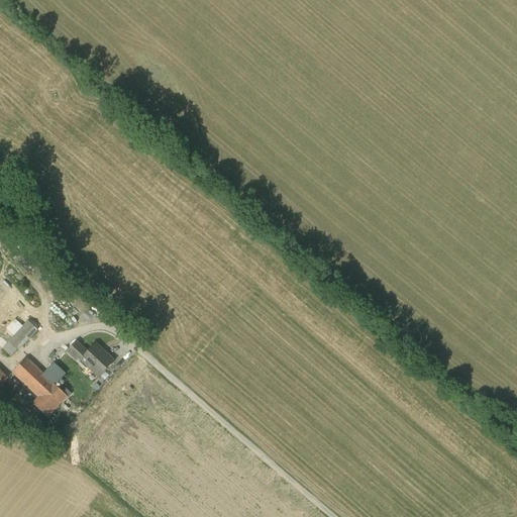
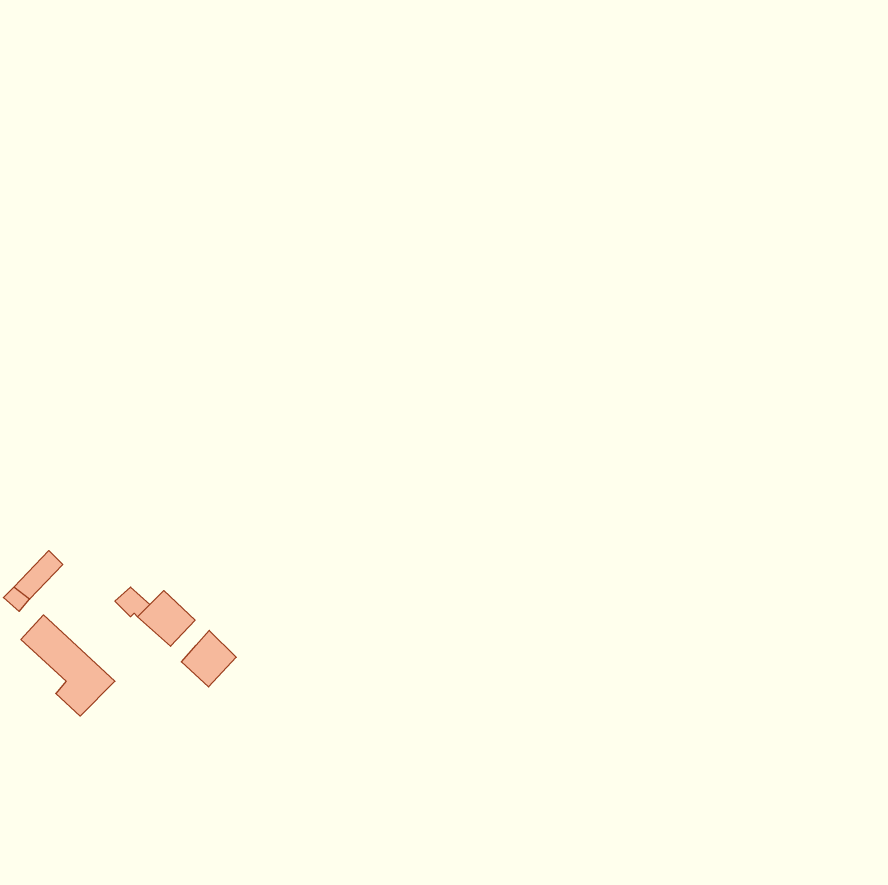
building: none -> [181,630,236,687]

